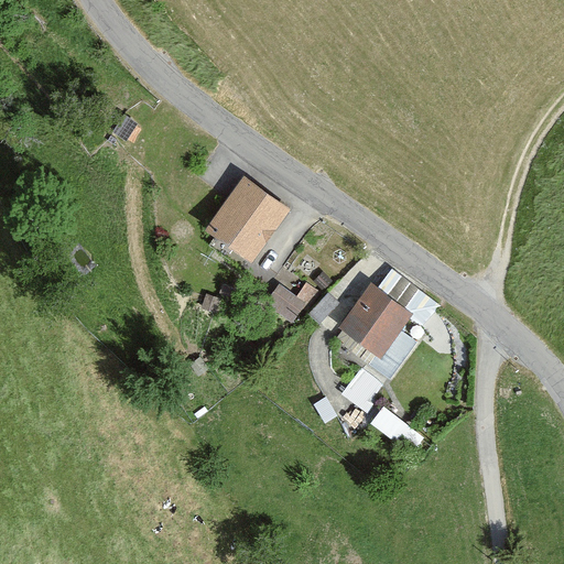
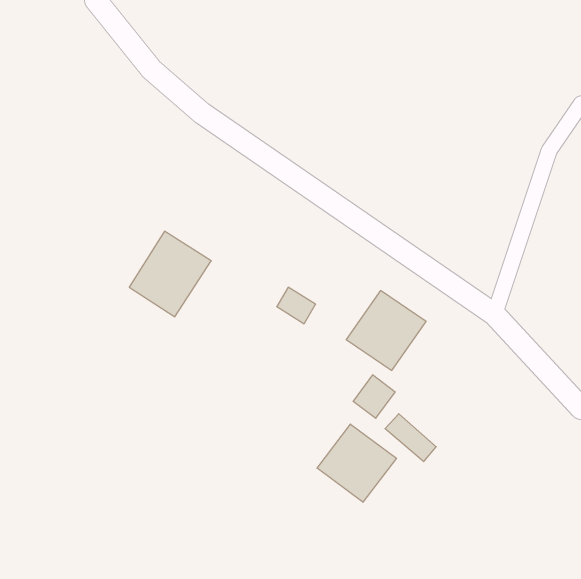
building: [208,180,288,262] -> [129,231,211,317]
building: none -> [317,424,396,502]

